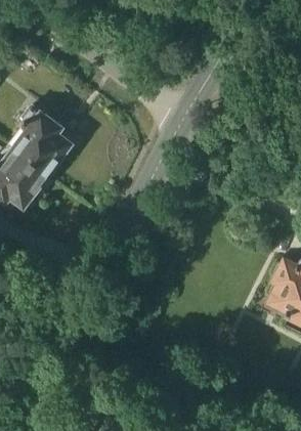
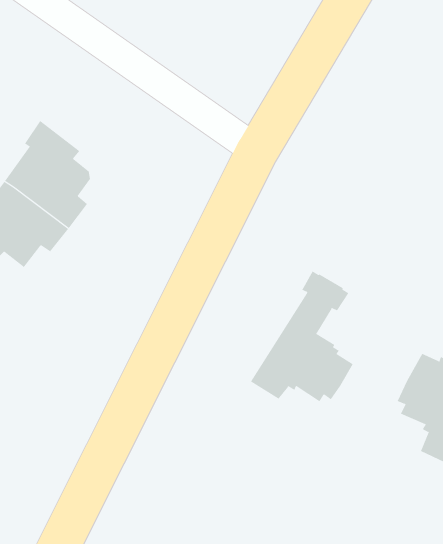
building: none -> [250,271,353,402]

